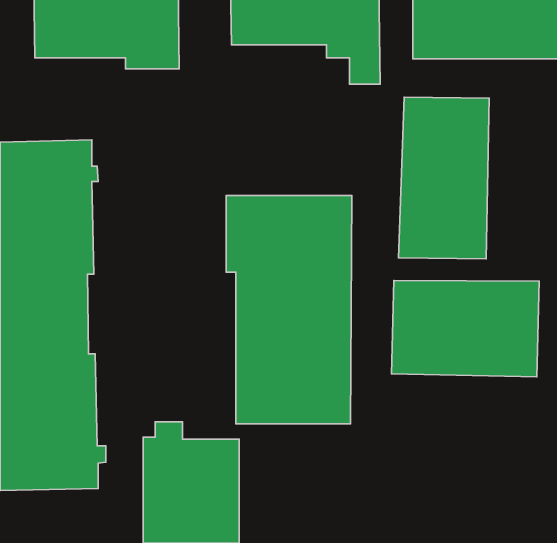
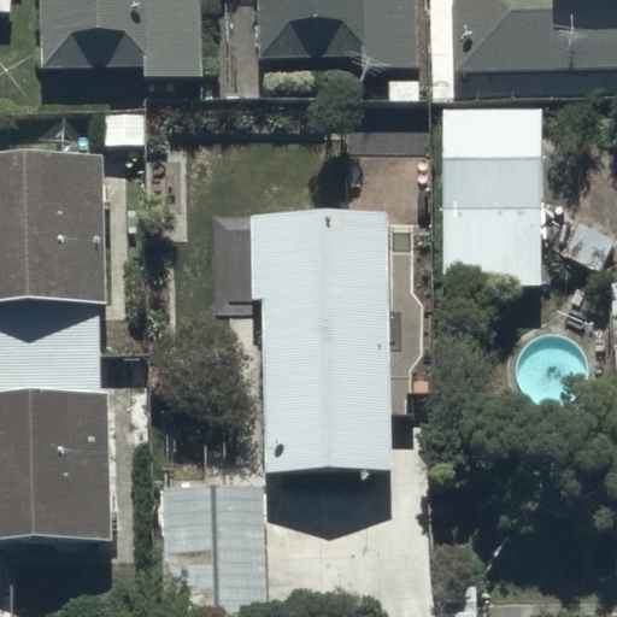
building: [391,281,539,377] -> none

